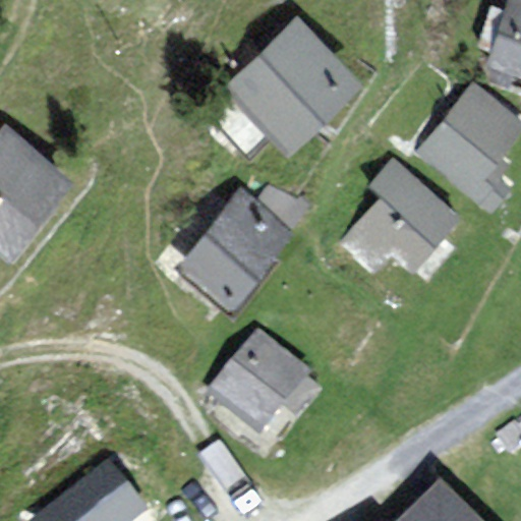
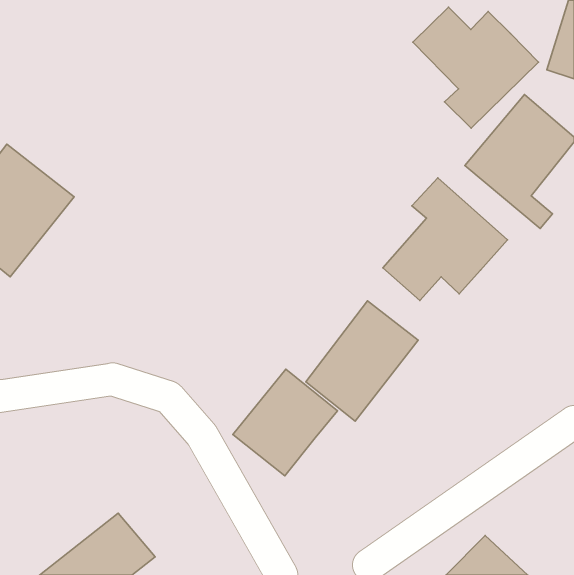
building: none -> [413,7,539,128]
building: [233,24,356,147] -> none
building: [185,197,287,306] -> [306,301,418,421]

